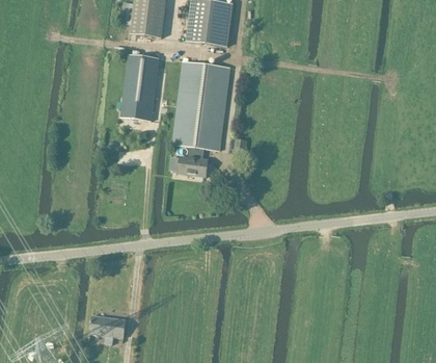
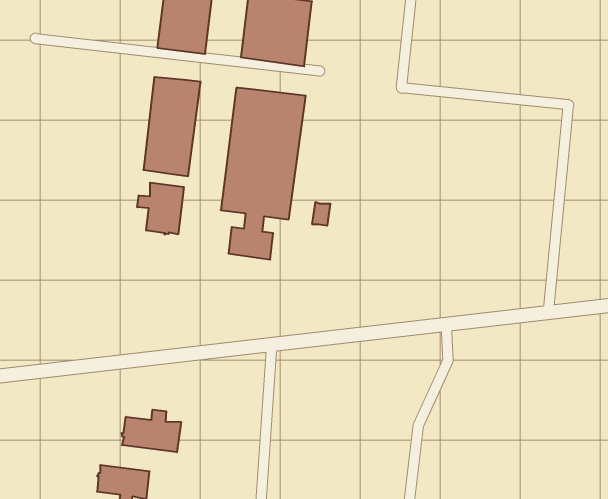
building: none -> [137,183,184,235]
building: none -> [122,410,181,452]

